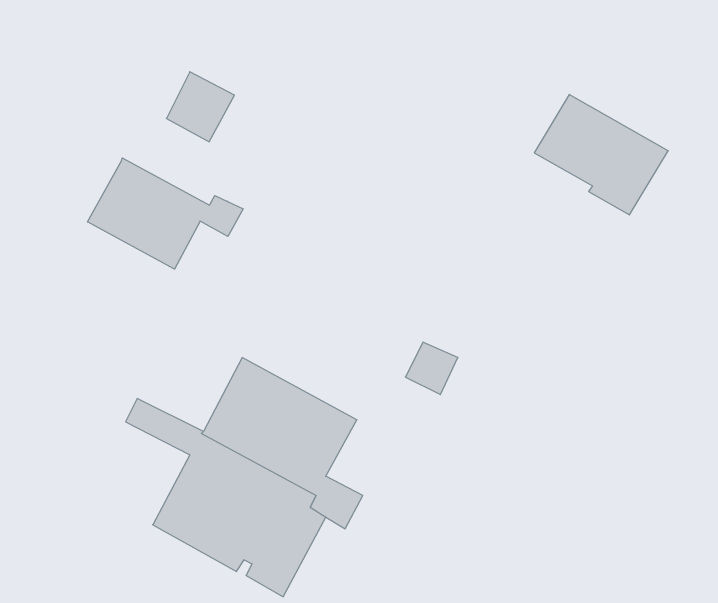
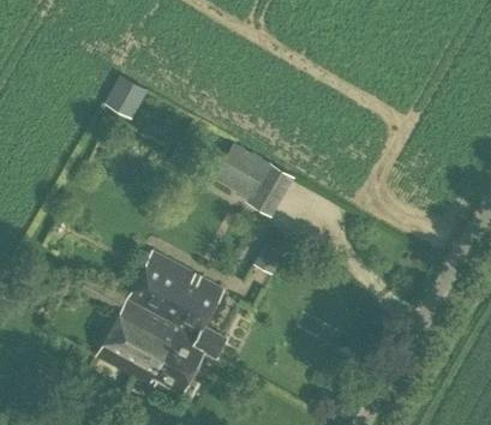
building: [534,94,668,215] -> [212,143,295,217]
building: [87,158,243,269] -> none

